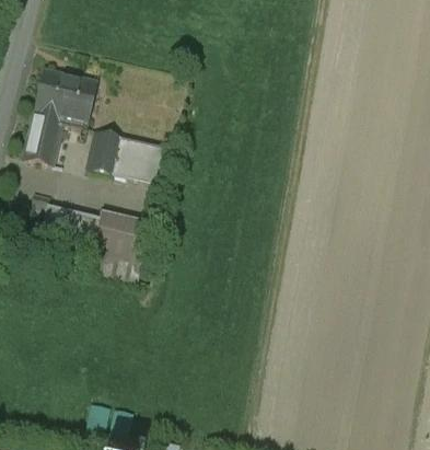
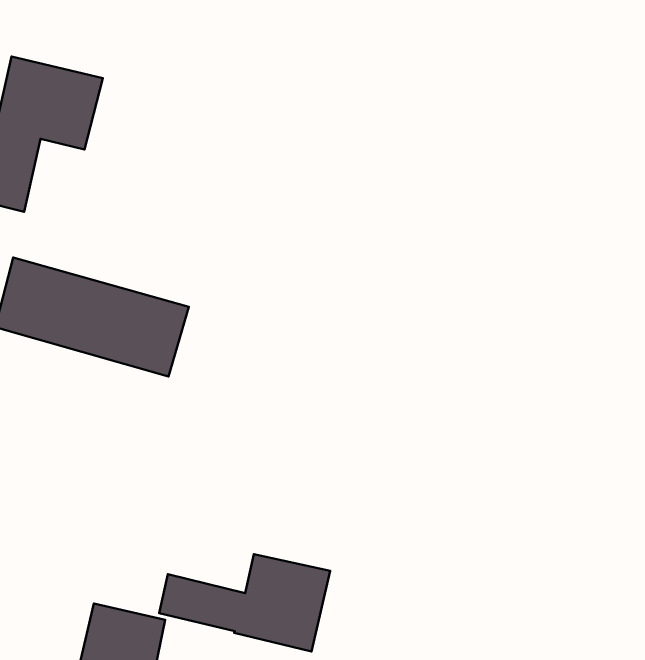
building: [85,137,167,187] -> none
building: none -> [159,554,330,652]

